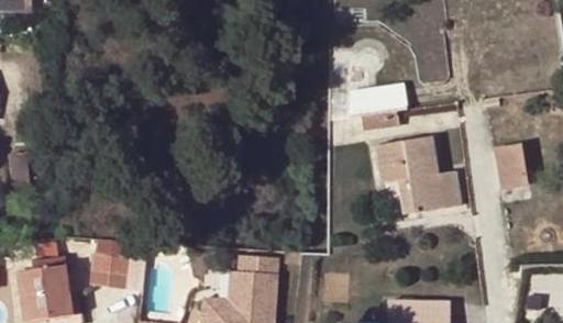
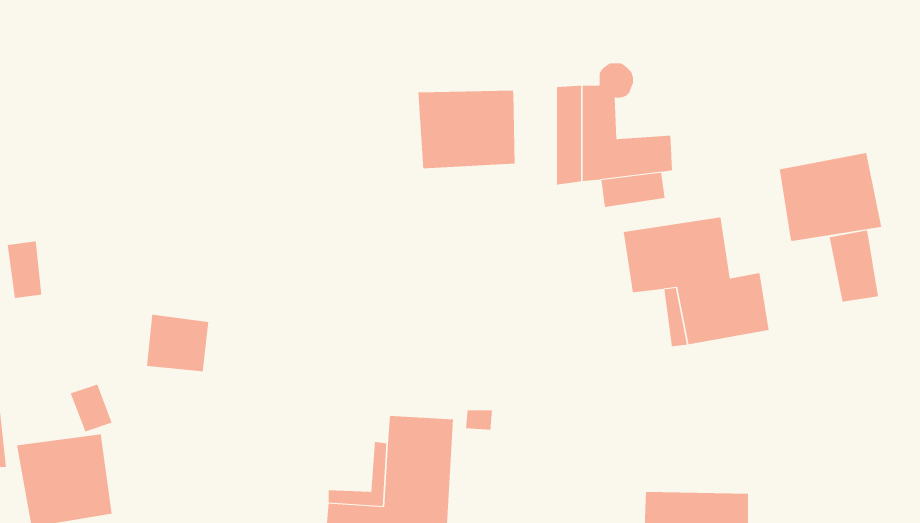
building: none -> [418,90,515,169]
building: none -> [779,152,882,242]
building: [90,254,128,288] -> [146,314,209,372]

